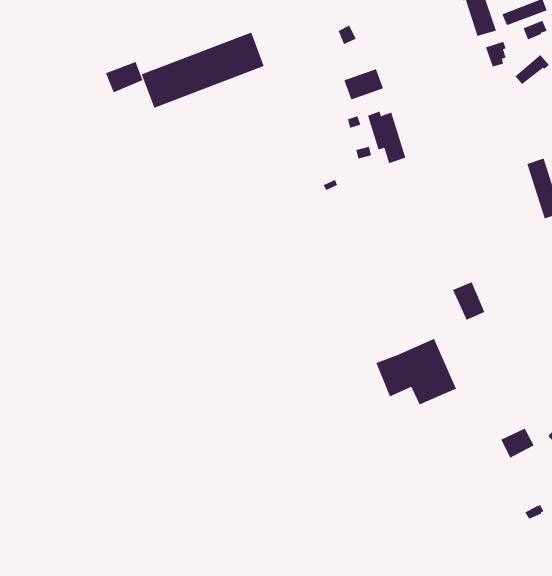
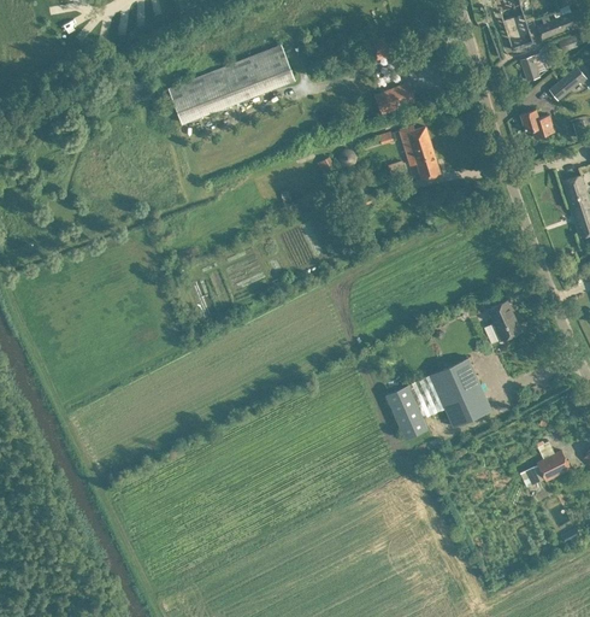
building: [105,61,143,93] -> none
building: none -> [520,110,554,139]
building: none -> [384,383,429,440]

